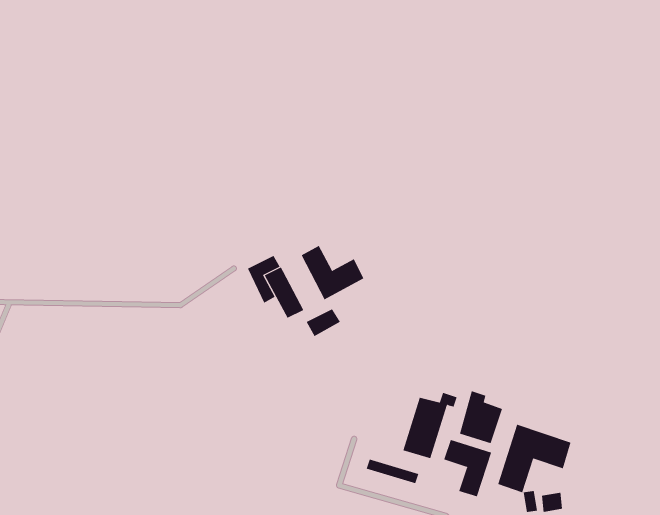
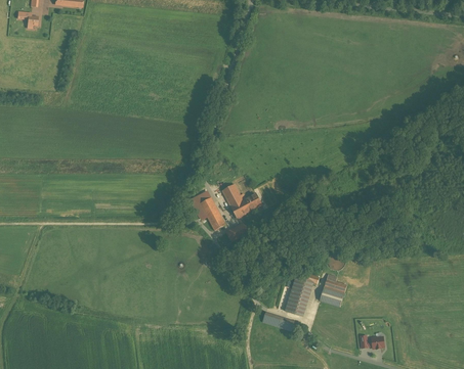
building: [498,424,571,493] -> none
building: [443,439,492,497] -> none

